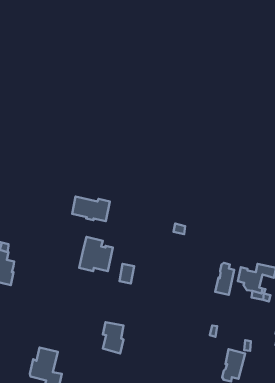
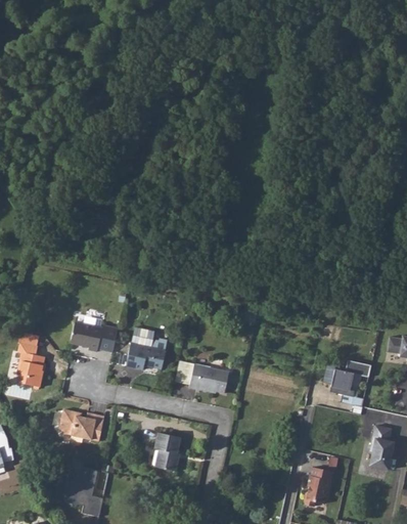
building: [72,196,110,221] -> [71,321,118,352]
building: [215,263,234,295] -> none
building: none -> [188,363,228,393]
building: none -> [59,409,104,441]

